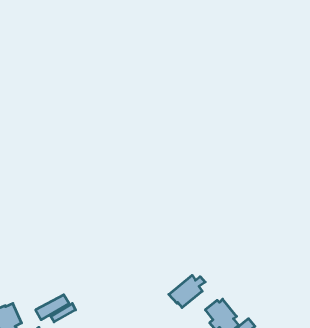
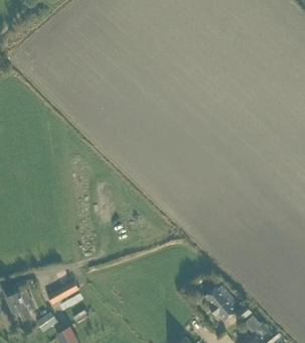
building: [169,275,205,308] -> none

